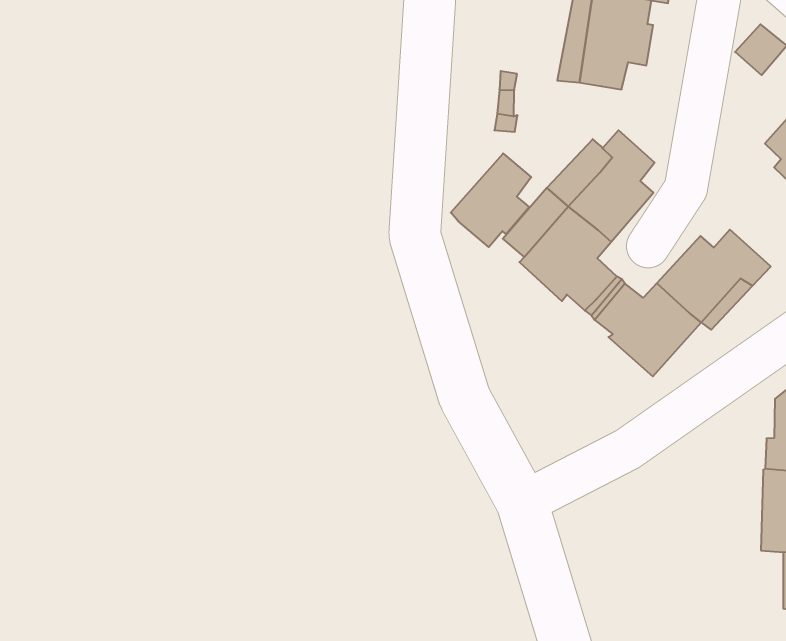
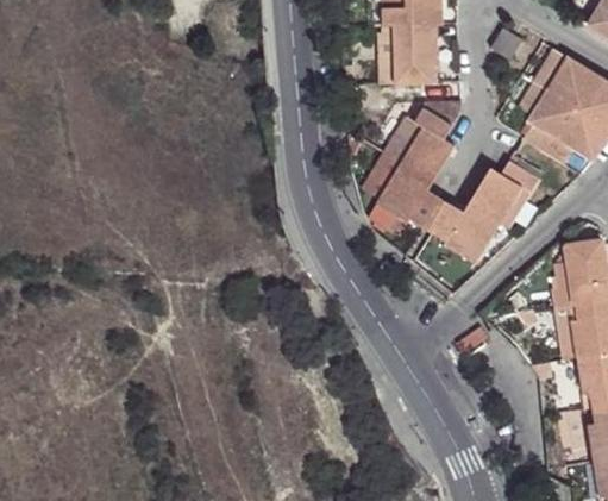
building: [451,153,531,247] -> none

